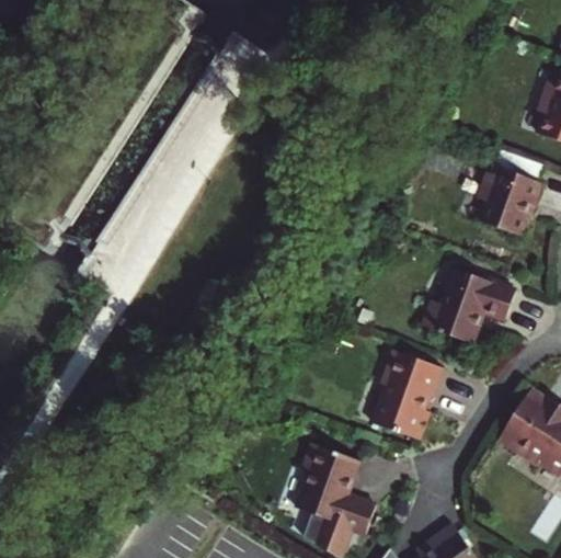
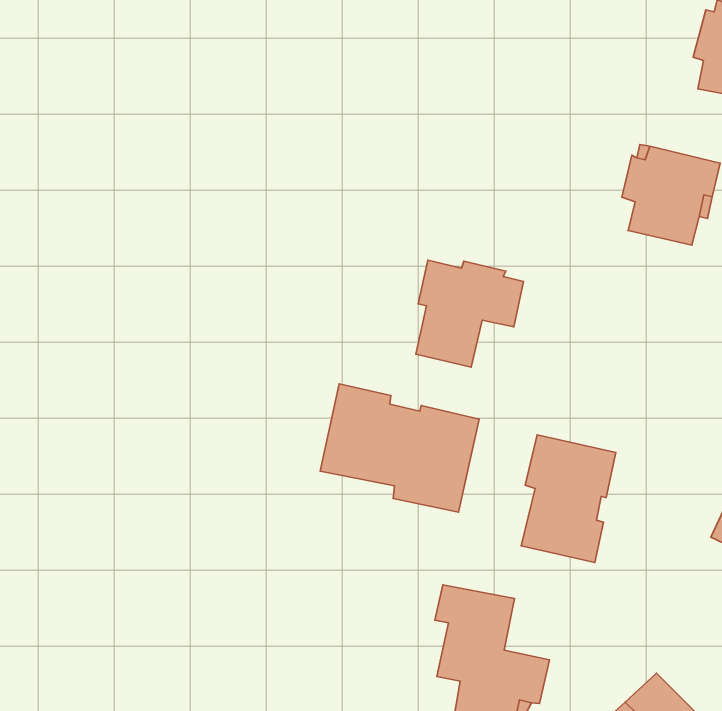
building: [438,270,518,346] -> [416,260,523,367]
building: none -> [320,384,479,512]

